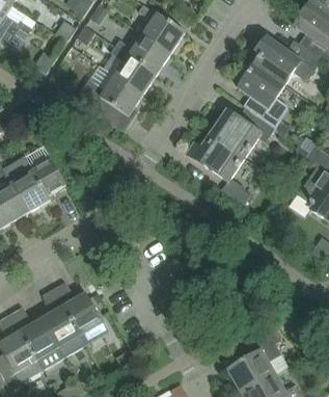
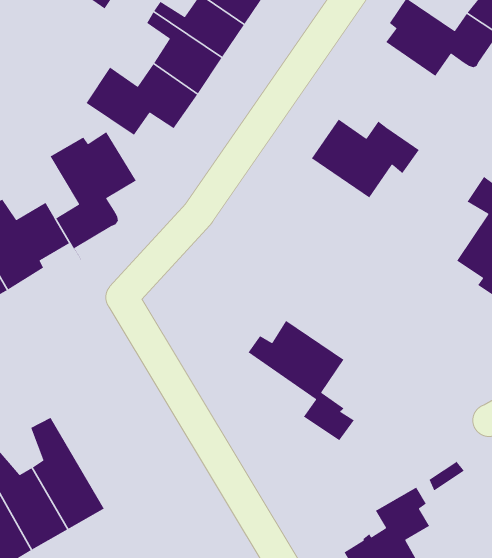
building: [238,63,289,128] -> none
building: none -> [49,131,137,261]
building: [187,133,251,206] -> [248,320,355,441]
building: [54,282,108,343] -> none

